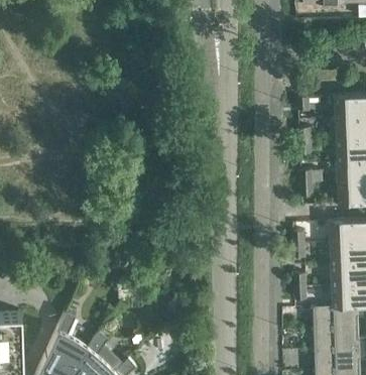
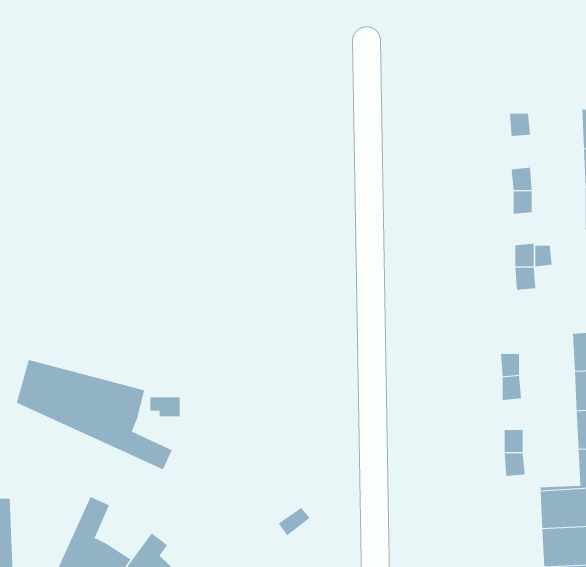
building: none -> [16,359,172,470]

